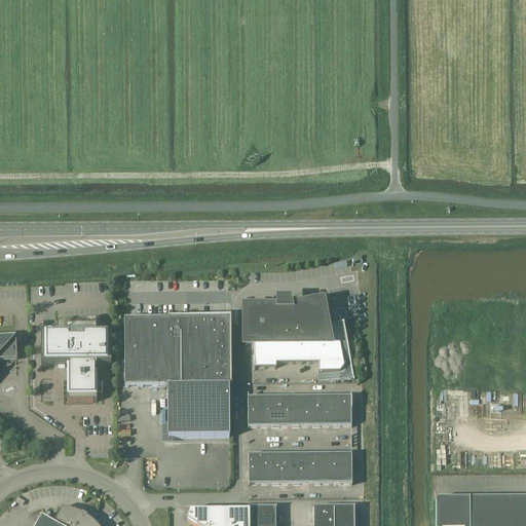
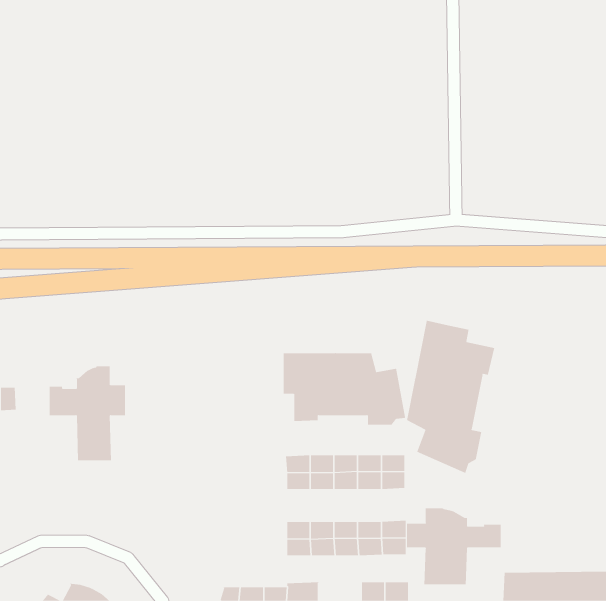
building: none -> [406,320,495,480]
building: [124,314,230,435] -> none
building: none -> [406,507,501,585]

